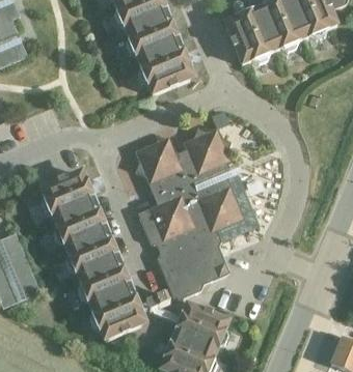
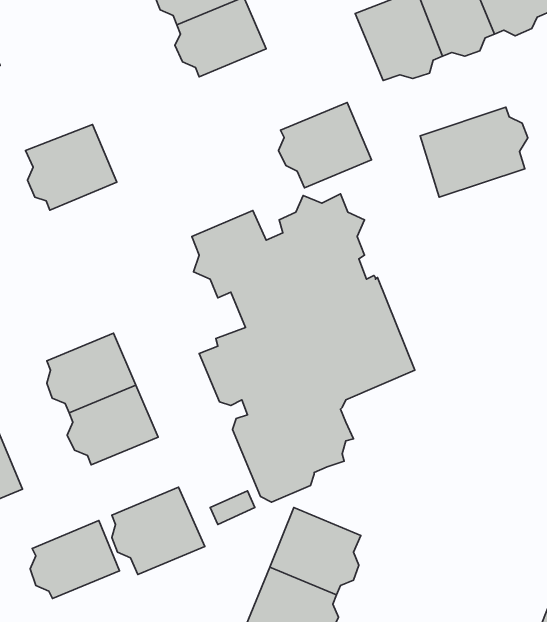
building: [138,46,190,93] -> [279,102,371,188]
building: none -> [420,107,528,197]
building: [40,172,91,220] -> [26,125,117,210]
building: [78,262,128,306] -> [30,521,119,599]

